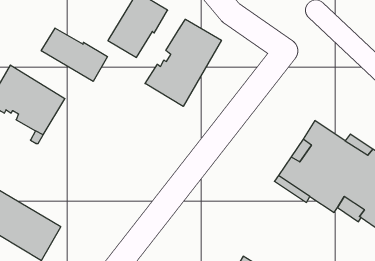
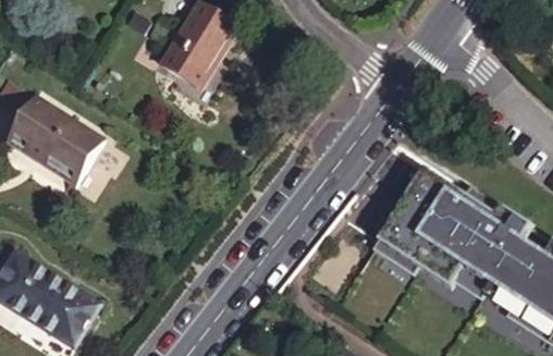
building: [145,19,221,106] -> none
building: [41,28,107,81] -> none

